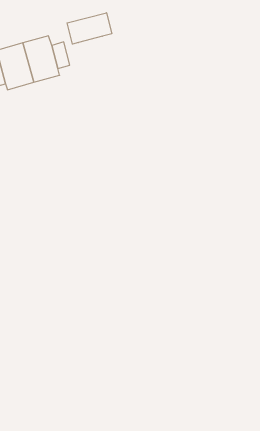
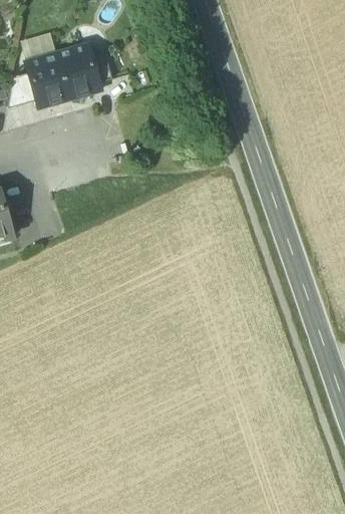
building: [67,13,112,44] -> none

